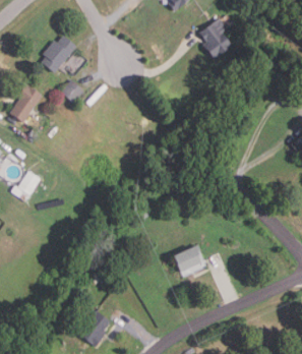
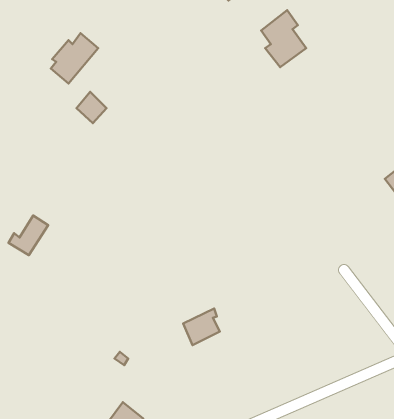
building: [10,84,42,123] -> none
building: [175,246,202,274] -> [183,308,220,345]

